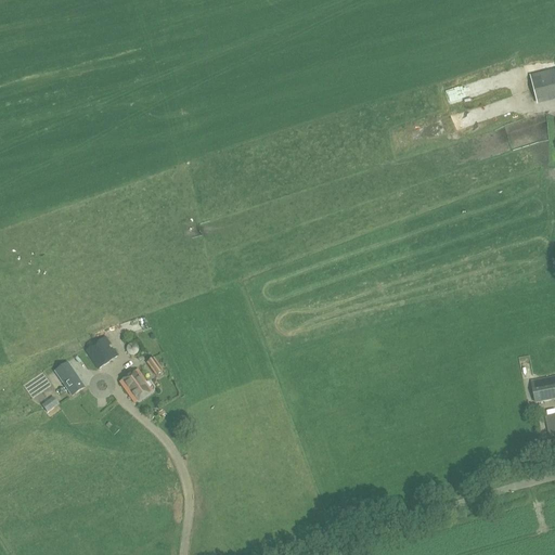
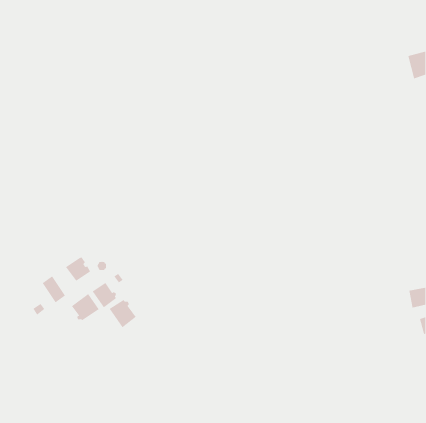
building: none -> [71,293,100,321]
building: none -> [109,299,137,328]

